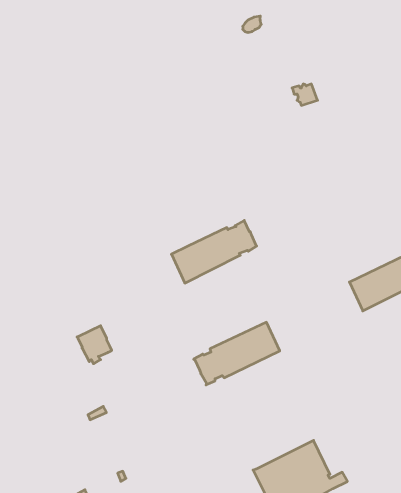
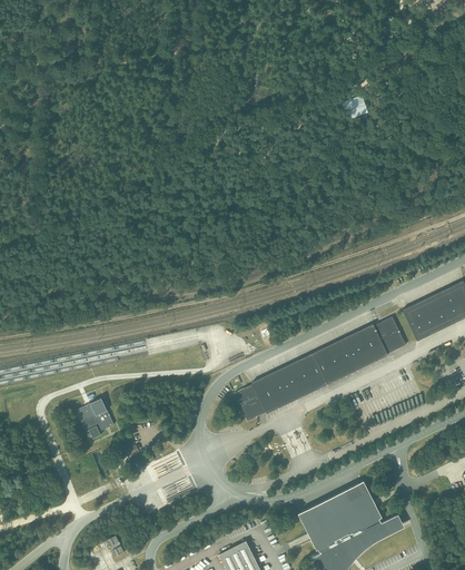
building: [171,220,257,283] -> [313,316,405,384]
building: [77,326,112,364] -> [76,397,113,439]

